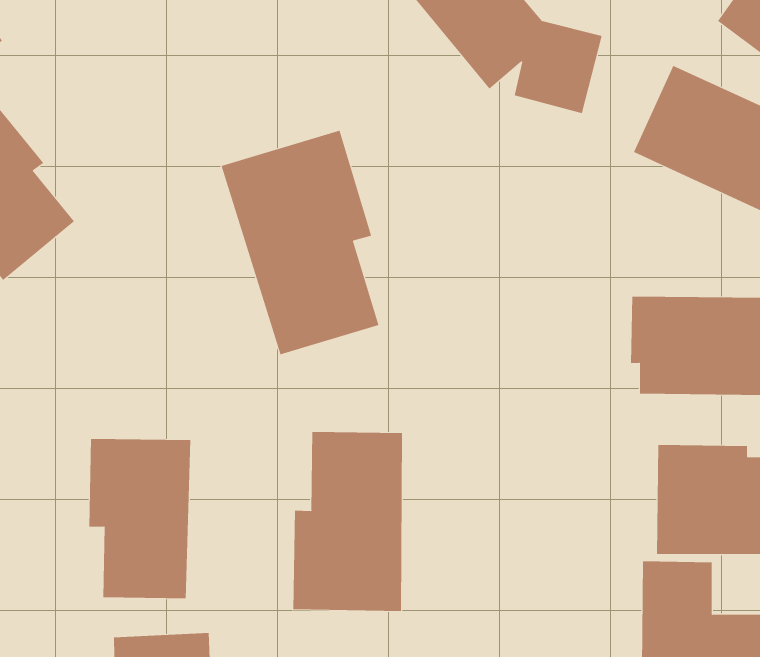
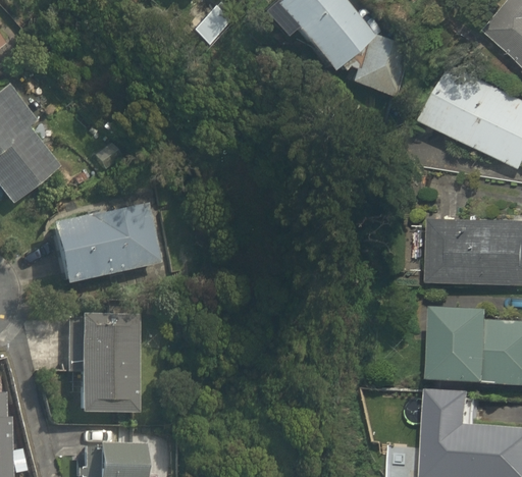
building: [221,130,379,355] -> none
building: none -> [54,201,160,287]
building: [293,431,403,612] -> none

